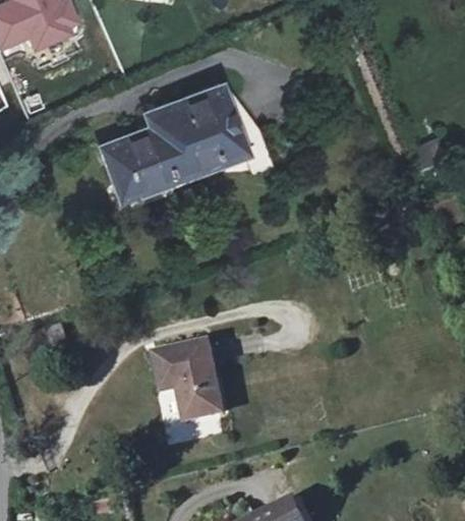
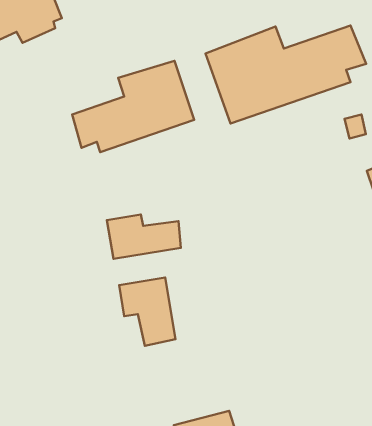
building: none -> [205,26,366,124]
building: none -> [107,215,181,259]

